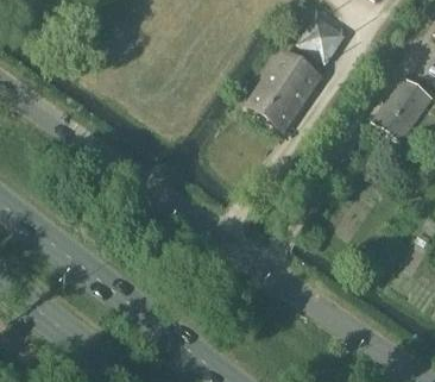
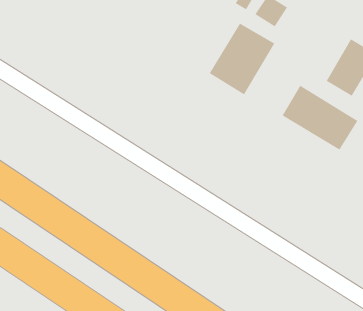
building: none -> [282,85,358,150]

